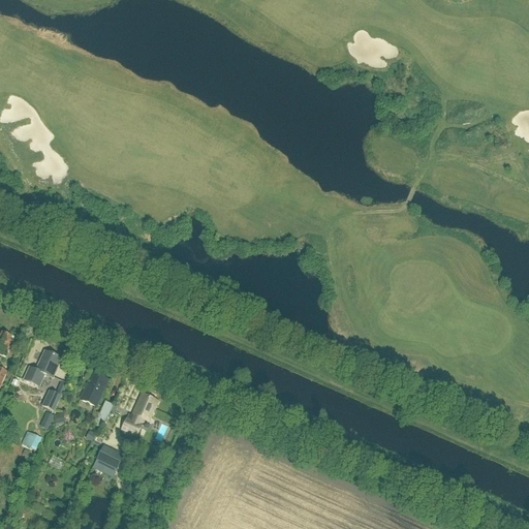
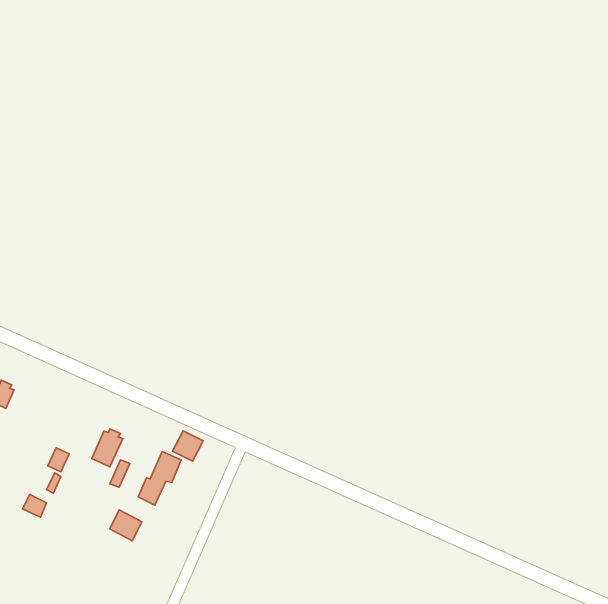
building: [24,348,61,384] -> none
building: none -> [173,431,203,461]

